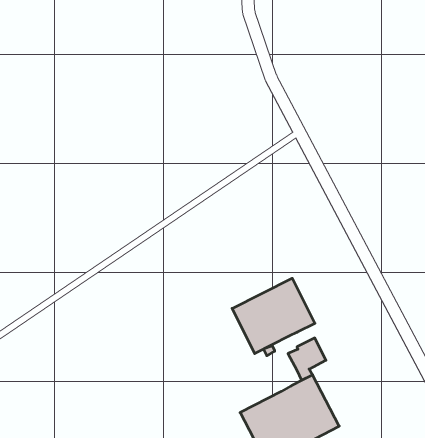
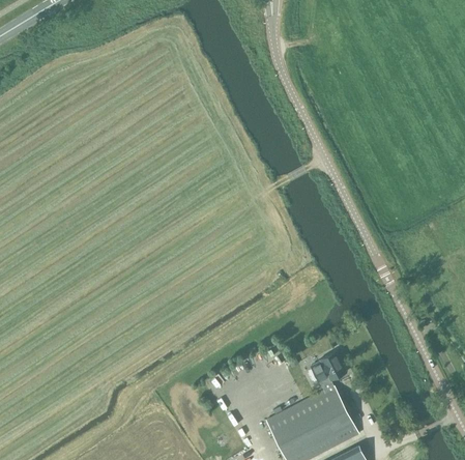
building: [232,278,315,354] -> none

